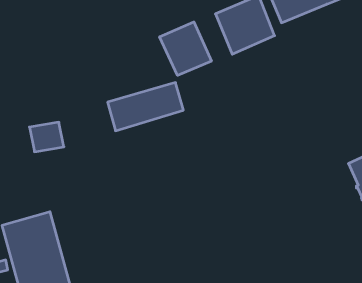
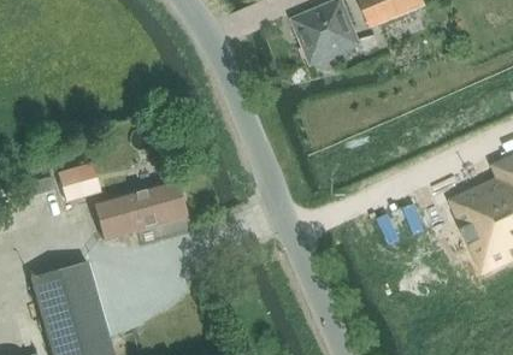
building: [160,22,211,75] -> none
building: [108,83,183,131] -> [94,181,187,239]

